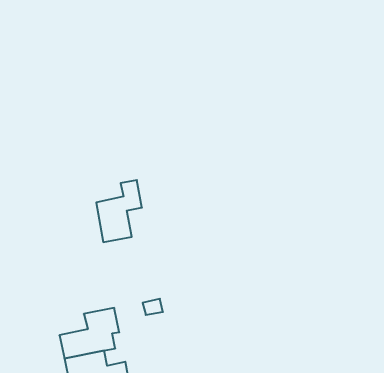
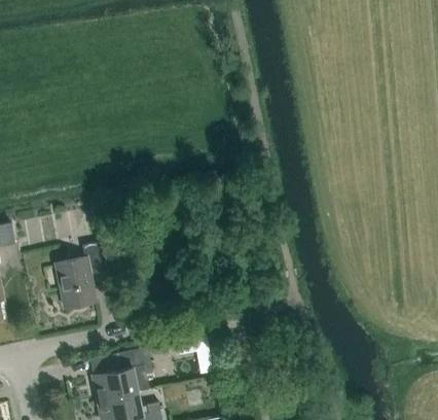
building: [96,180,142,242] -> [58,243,104,306]

